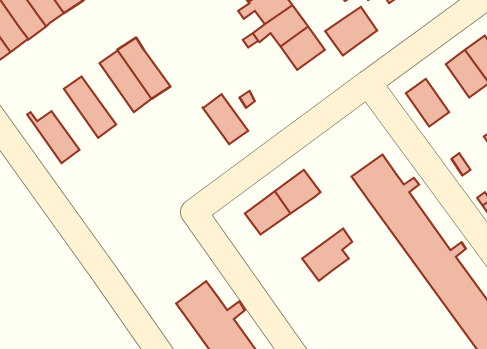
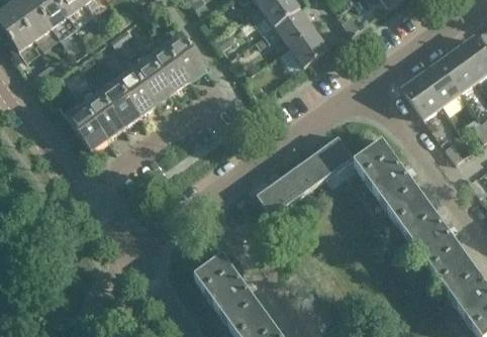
building: [325,7,377,55] -> none
building: none -> [108,59,156,114]
building: none -> [421,60,461,103]
building: none -> [75,82,123,137]
building: [203,94,248,144] -> [165,34,206,80]
building: [302,229,352,281] -> [310,128,356,176]

